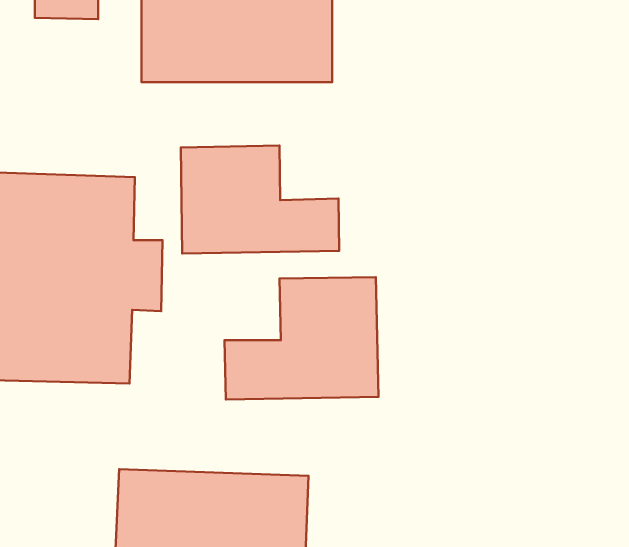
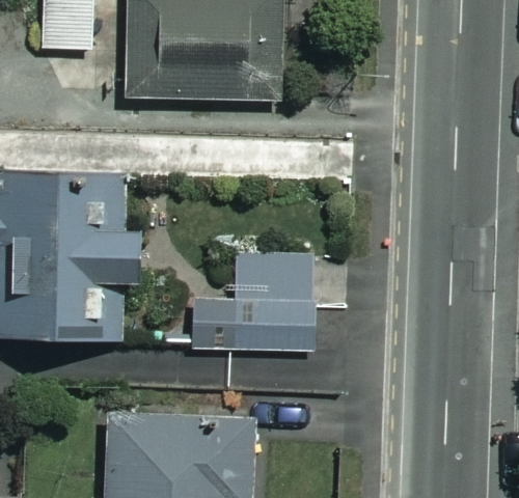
building: [181,146,339,253] -> none

